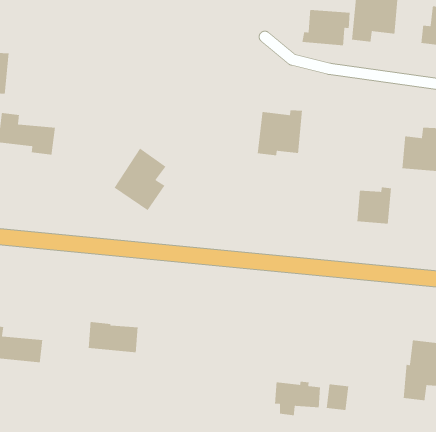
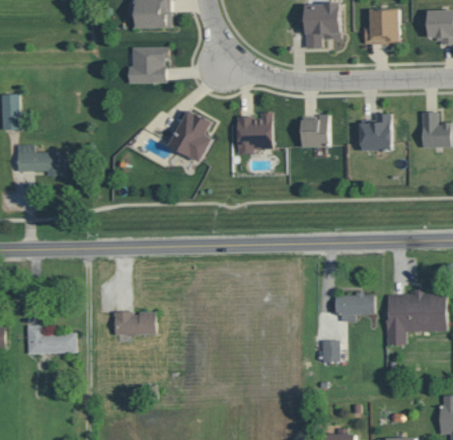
building: [302,9,351,46] -> none
building: none -> [128,46,168,83]
building: [113,148,167,211] -> [169,108,213,161]
building: [357,186,392,225] -> [301,115,329,147]
building: [274,381,321,416] -> [334,291,374,321]

